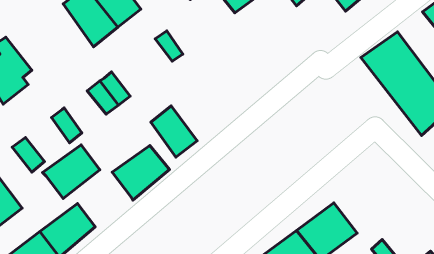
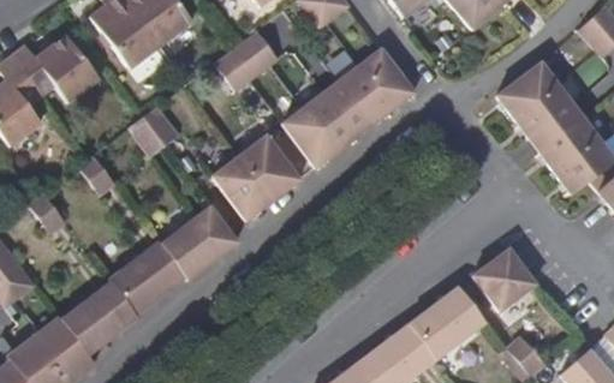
building: none -> [231,30,285,85]
building: none -> [14,37,103,108]
building: none -> [281,47,412,168]
building: none -> [237,134,299,202]
building: [43,145,100,198] -> [106,244,183,316]
building: none -> [471,246,538,313]

